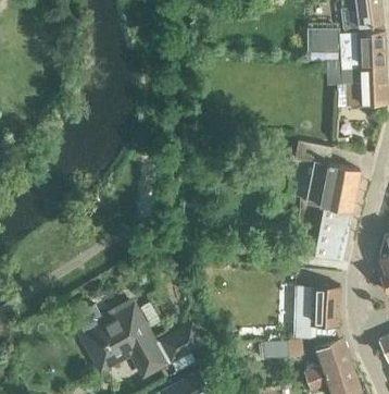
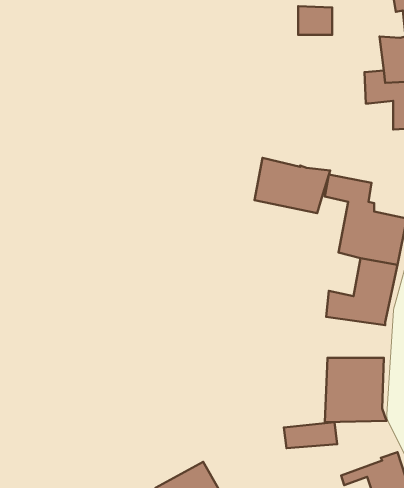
building: [311,29,338,52] -> [298,6,332,35]
building: none -> [254,158,330,213]
building: [80,304,203,377] -> none
building: [304,337,352,381] -> none

